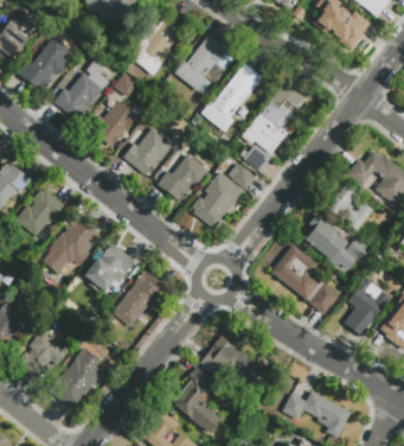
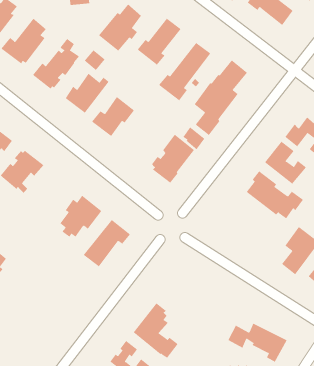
building: [158,154,209,200] -> none
building: [43,215,101,273] -> none
building: [271,244,340,314] -> none
building: [200,334,267,396] -> none
building: [25,336,68,383] -> none
building: [52,348,103,409] -> none

